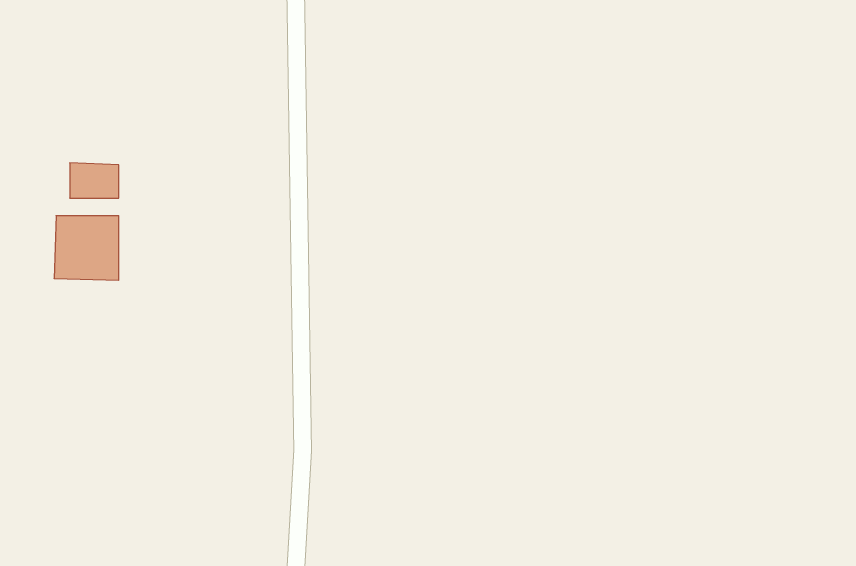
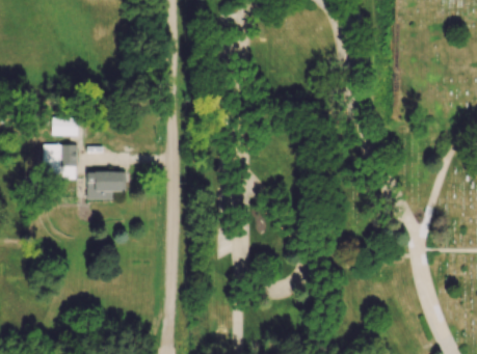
building: none -> [86,171,126,199]

